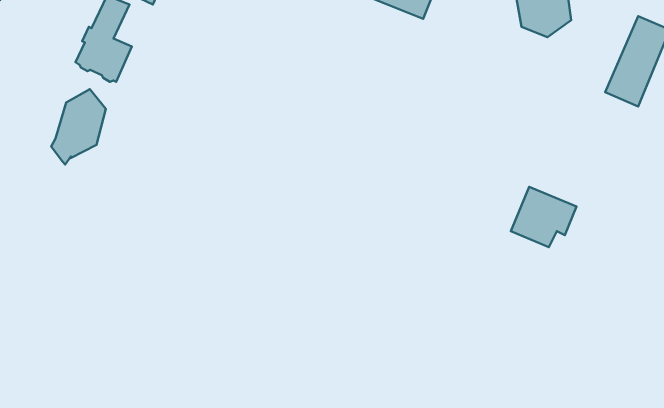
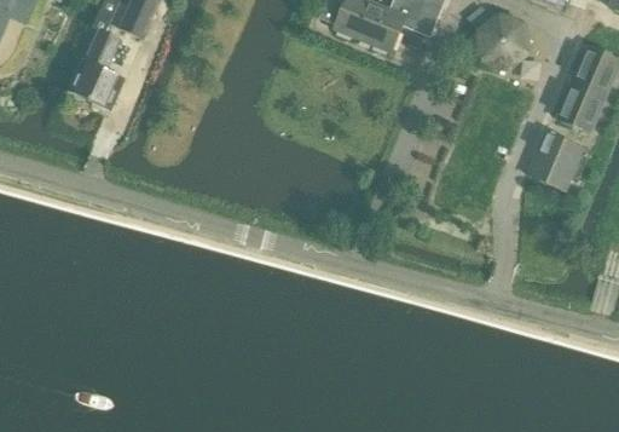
building: [51,89,106,165] -> none
building: [511,187,577,247] -> [528,132,589,188]

